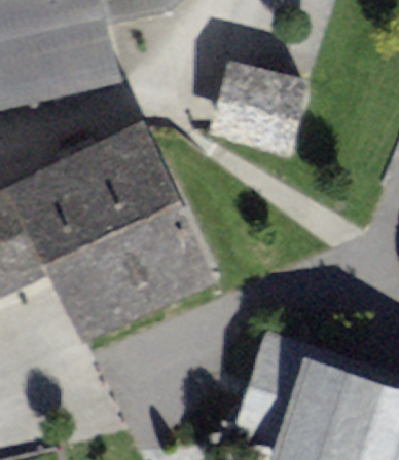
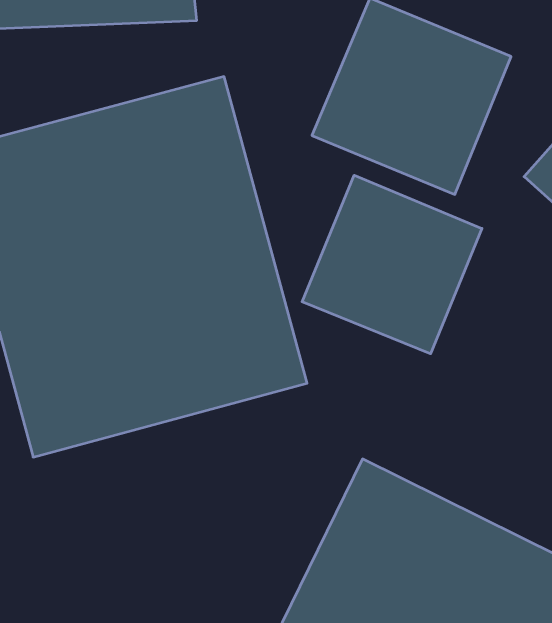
building: none -> [302,175,482,354]

